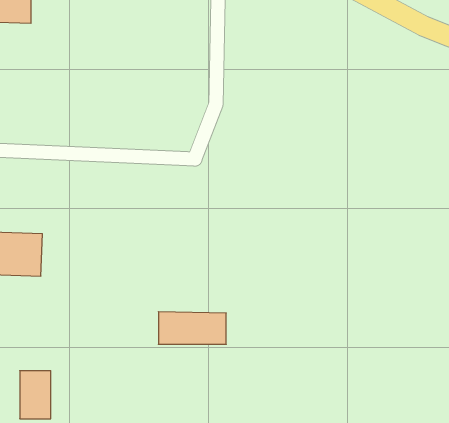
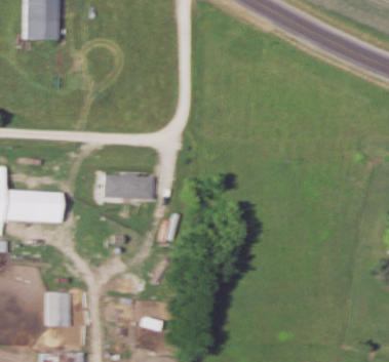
building: [158,312,226,344] -> [103,174,152,198]

